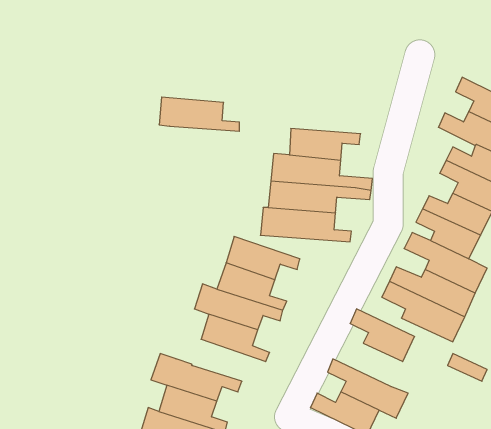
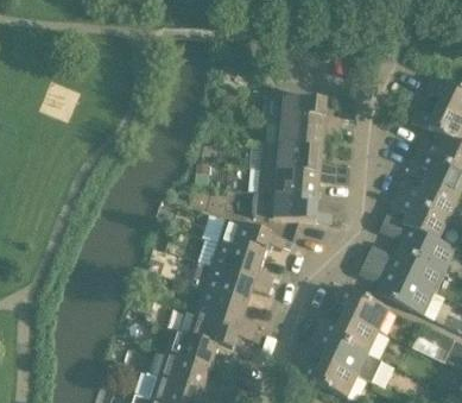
building: [159,97,239,131] -> [267,94,340,125]
building: none -> [188,310,254,348]
building: none -> [315,314,378,353]

